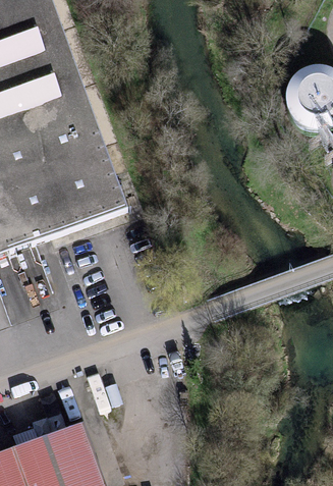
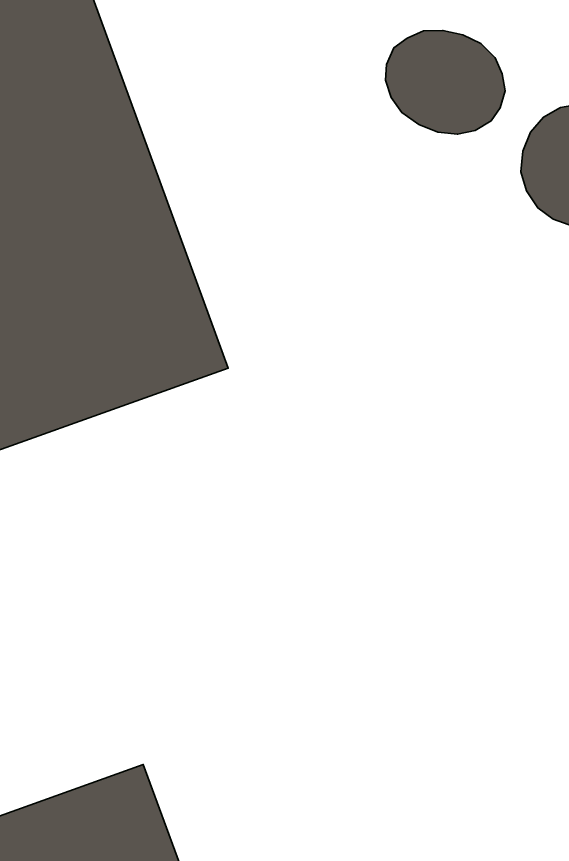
building: none -> [385,31,505,134]

